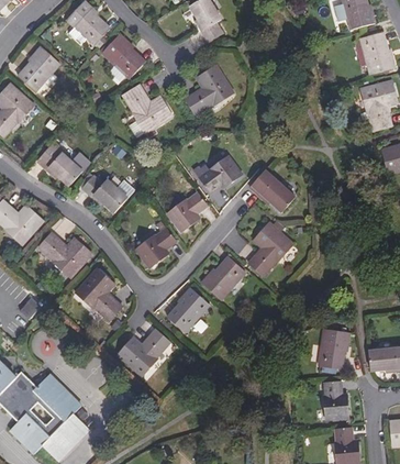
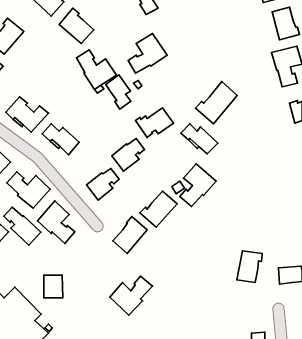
building: none -> [106,75,131,109]
building: none -> [196,82,237,124]
building: none -> [4,207,41,245]
building: [118,329,169,376] -> [110,276,152,315]
building: [323,380,348,419] -> none

